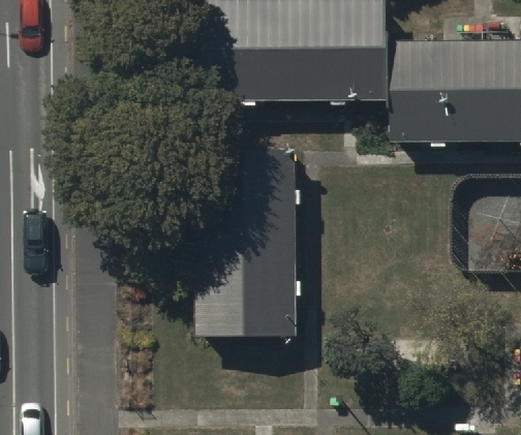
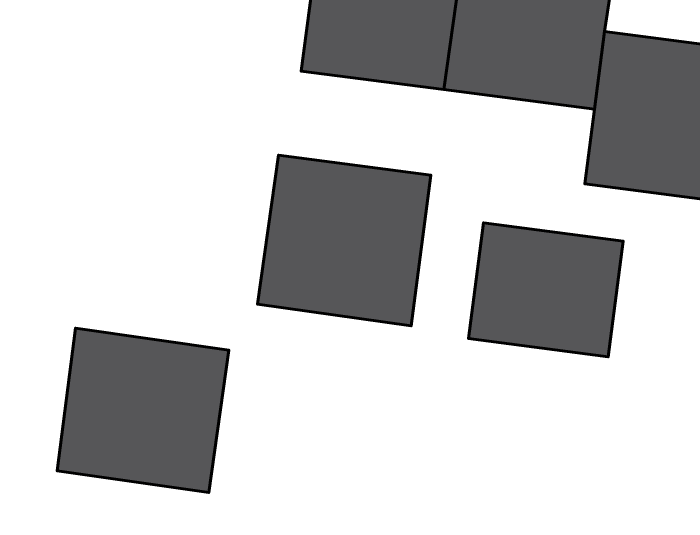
building: none -> [469,223,623,357]
building: [198,248,298,340] -> [57,328,229,492]

